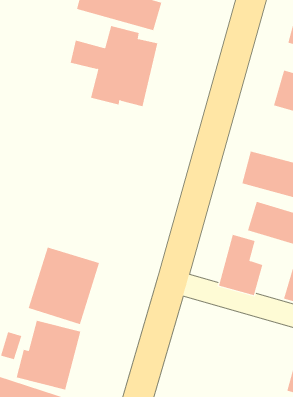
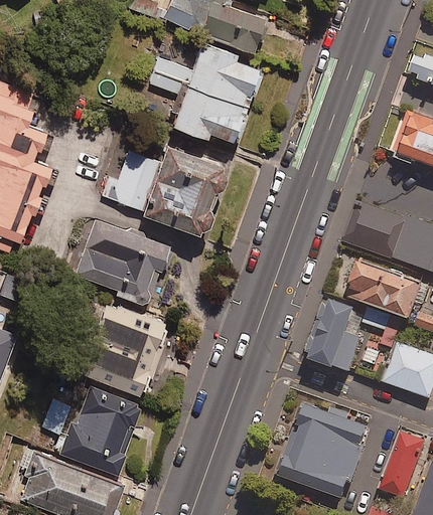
building: none -> [101,145,226,235]
building: none -> [75,219,168,306]
building: none -> [290,398,378,489]

